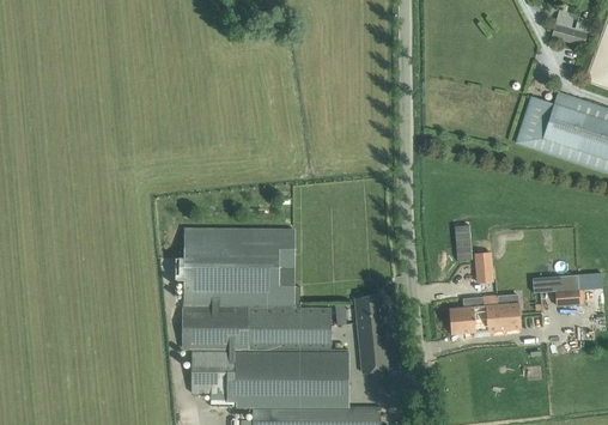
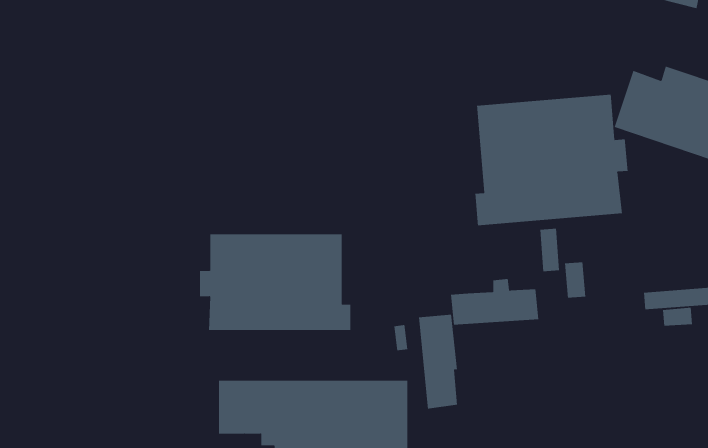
building: none -> [475,94,628,226]
building: [449,293,522,332] -> [450,279,539,325]
building: [183,306,332,347] -> none

